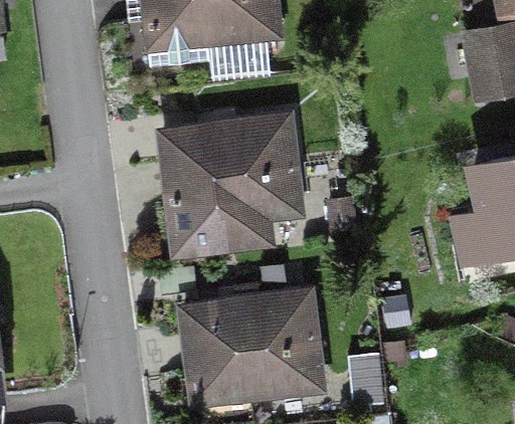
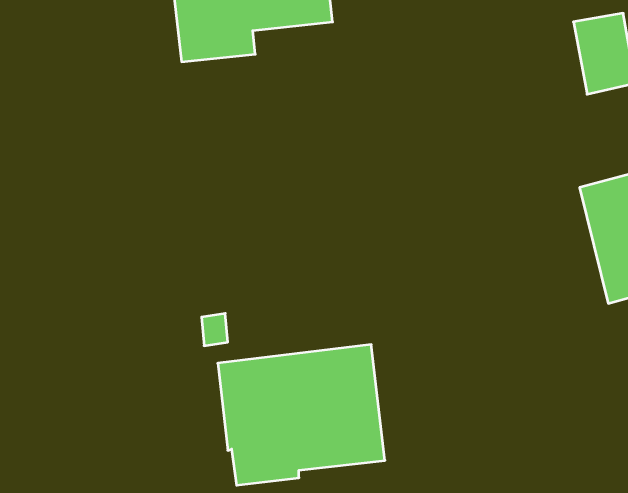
building: [160,118,295,251] -> none

